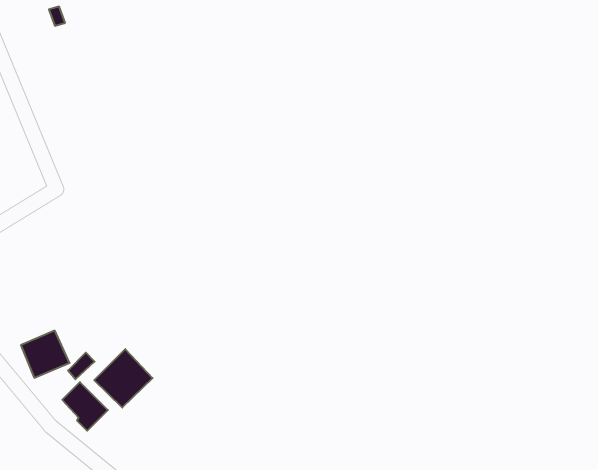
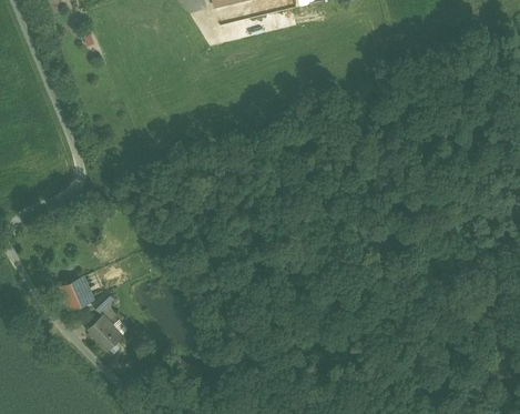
building: [94,349,153,408] -> none

